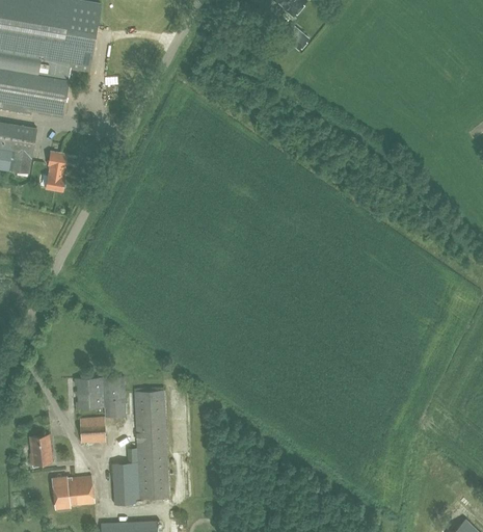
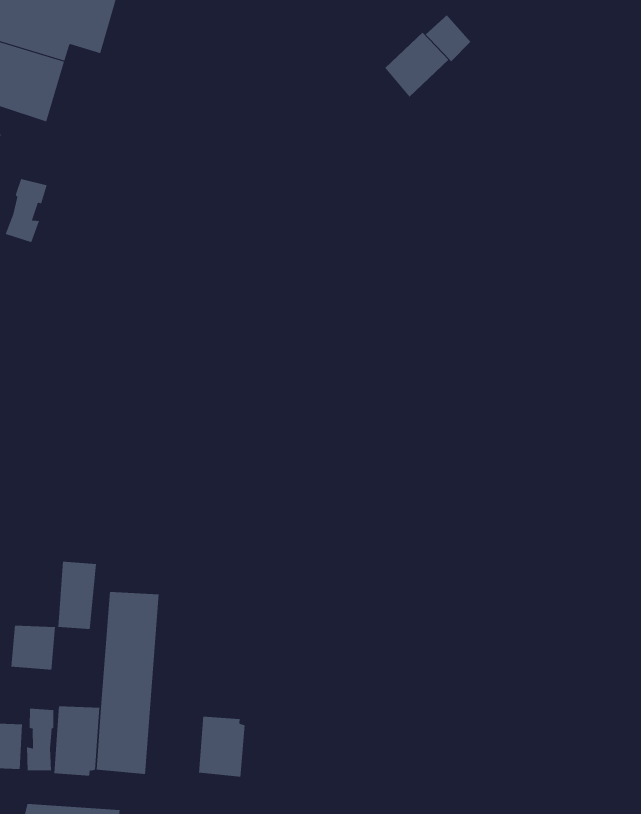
building: none -> [384,32,449,97]
building: [76,376,103,407] -> none
building: none -> [198,716,245,778]
building: none -> [26,708,54,771]

